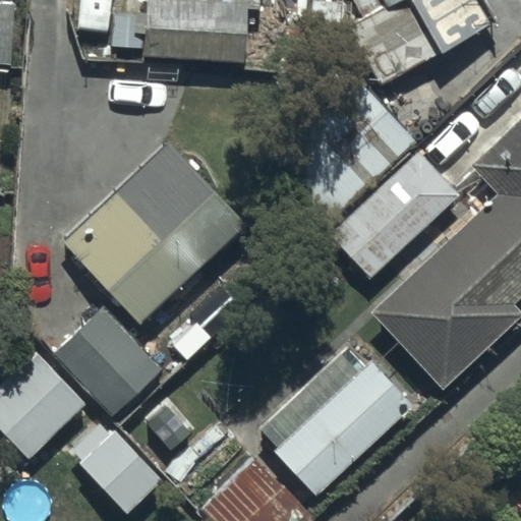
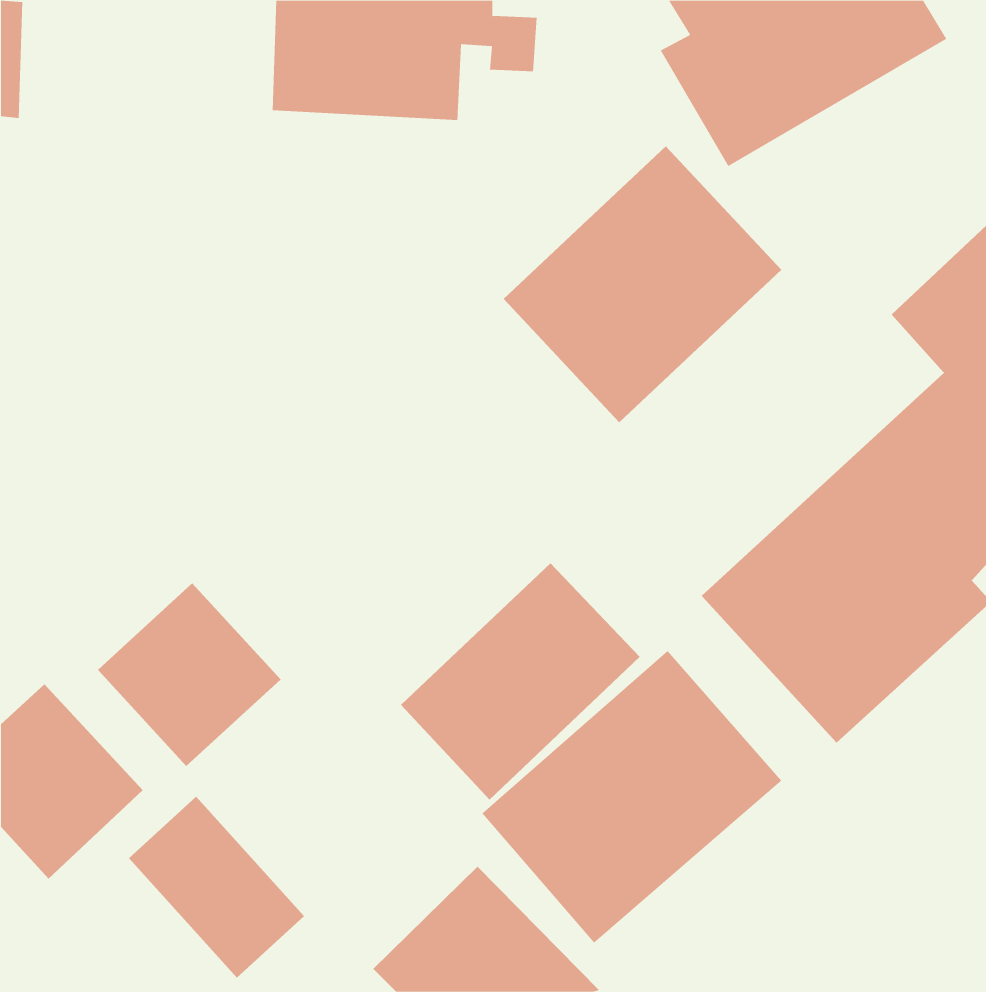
building: [61,141,246,326] -> none
building: [330,153,458,279] -> none
building: none -> [400,563,640,801]

